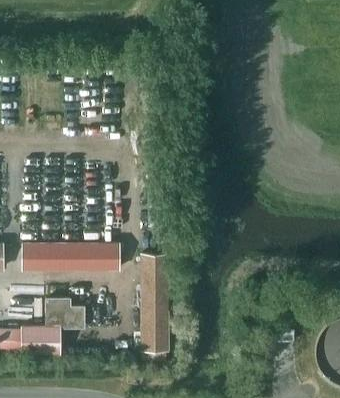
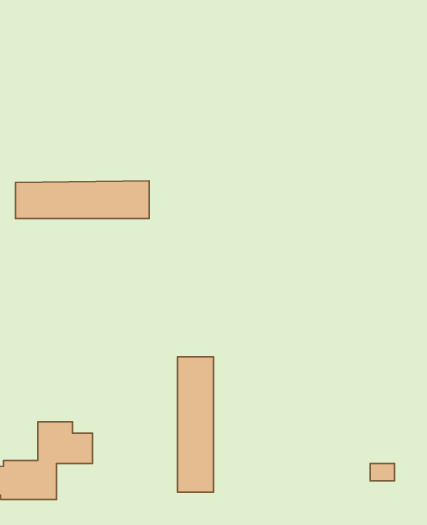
building: [24,244,117,270] -> [15,181,149,218]

